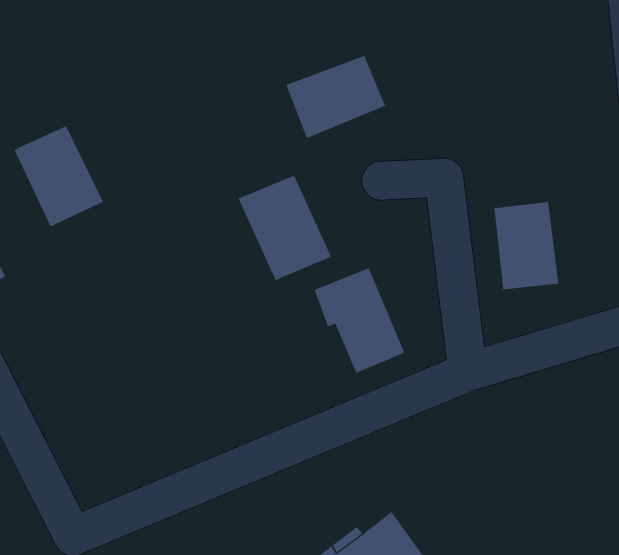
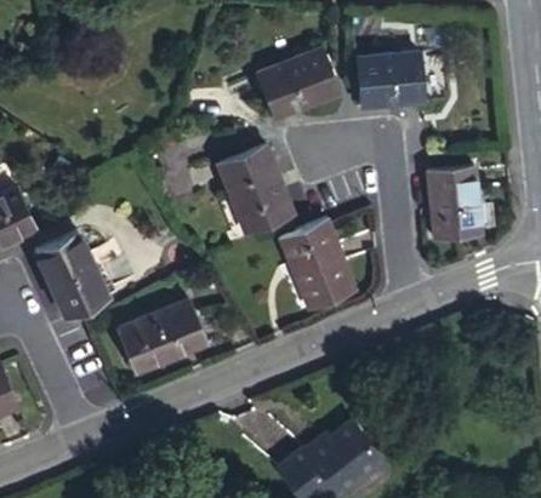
building: none -> [357,55,427,108]
building: [14,125,104,227] -> [35,234,108,316]
building: none -> [124,305,205,371]

